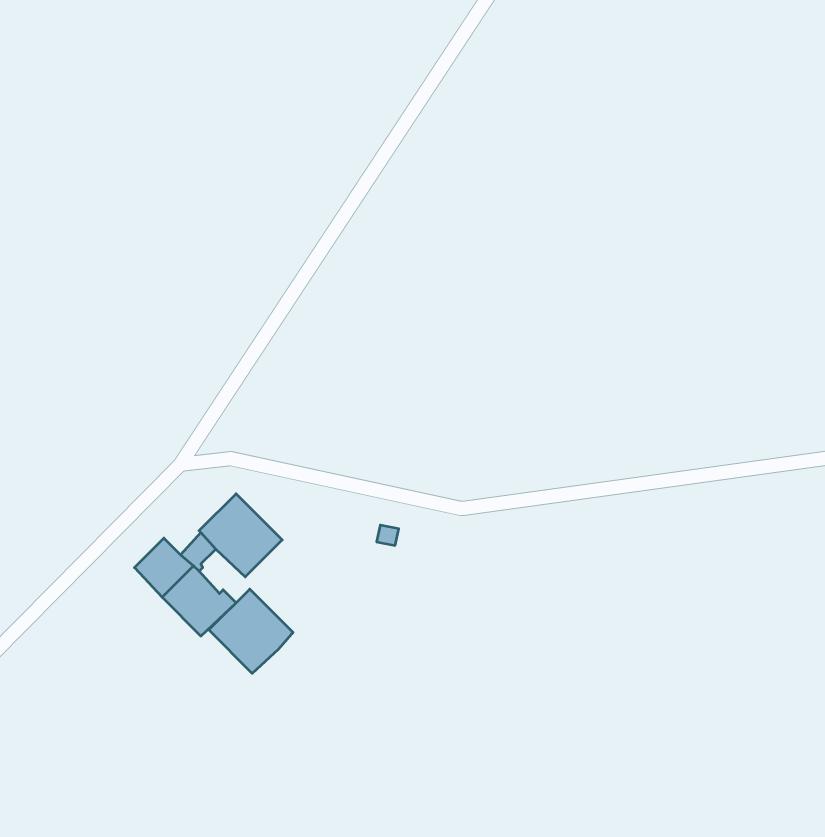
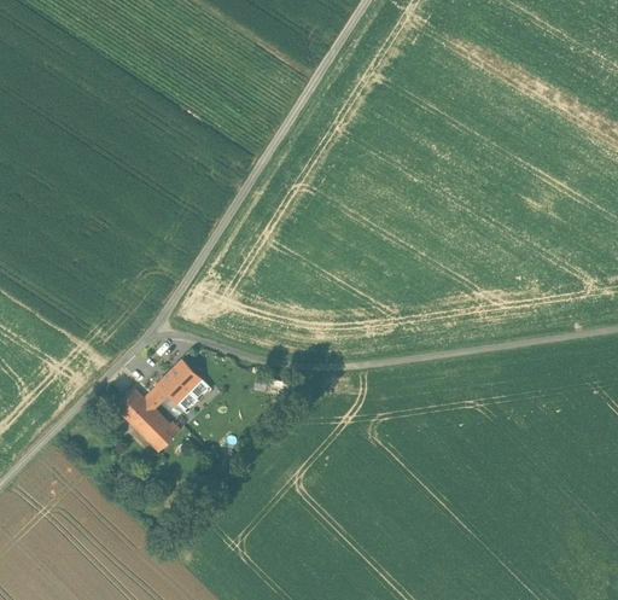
building: [209,589,293,673] -> none

